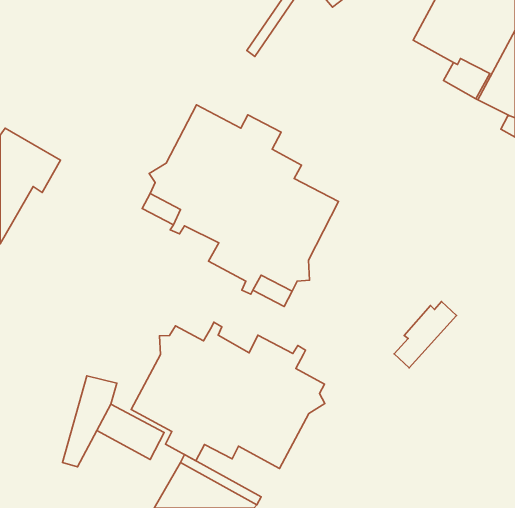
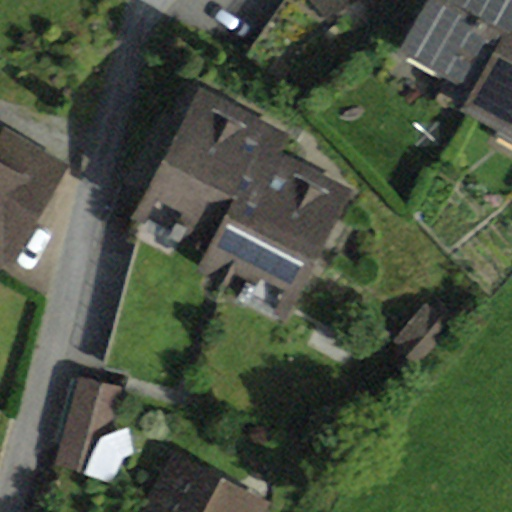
building: [131,322,325,468] -> none

